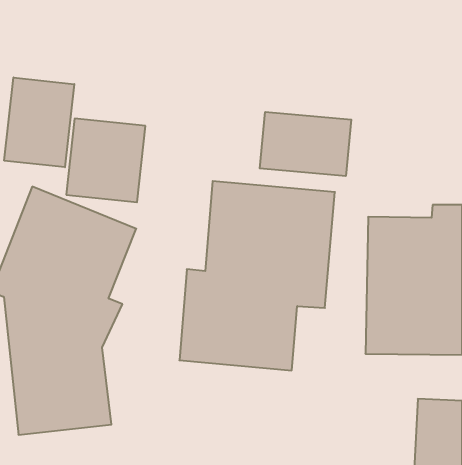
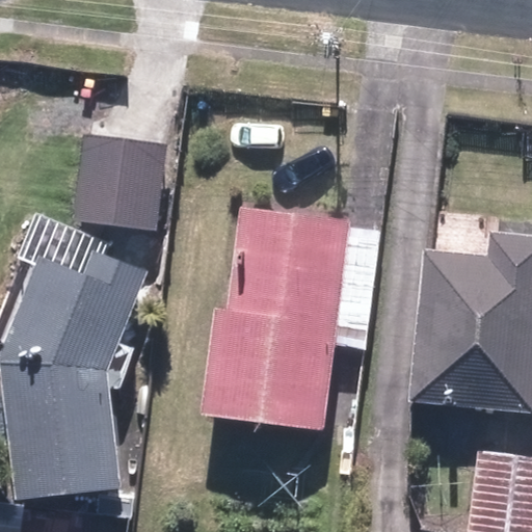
building: [4,77,74,167] -> none
building: [260,112,351,176] -> none

